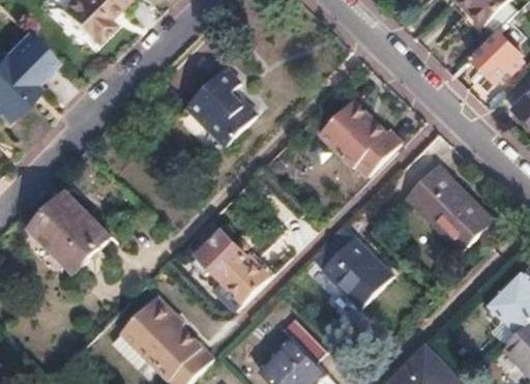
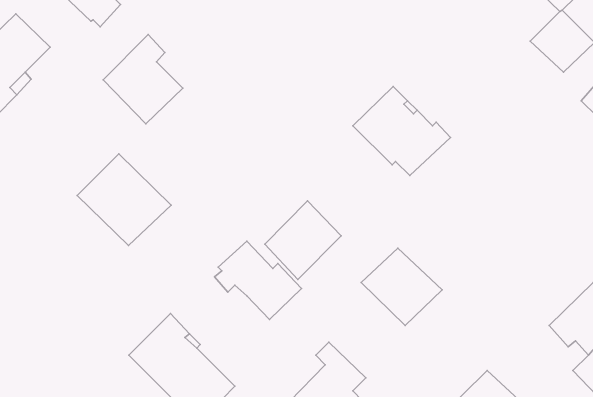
building: [187,66,257,144] -> [103,35,183,124]
building: [409,168,493,249] -> none
building: [26,191,108,271] -> [77,154,171,246]
building: none -> [265,201,341,279]

